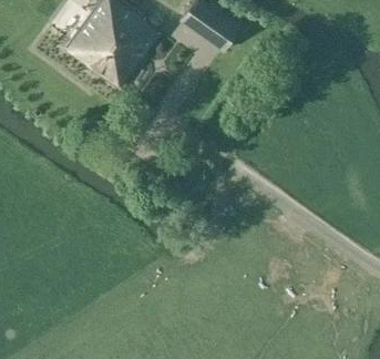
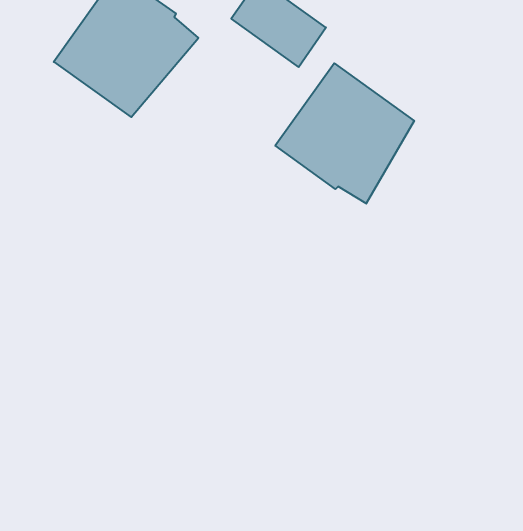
building: none -> [275,63,414,204]

